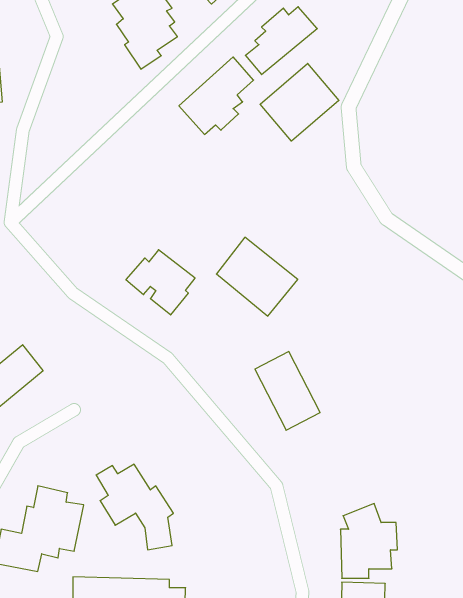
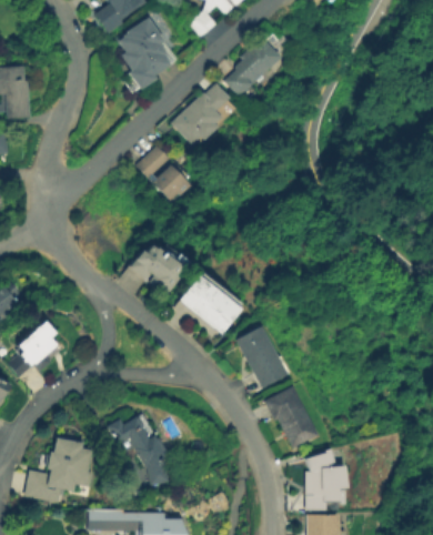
building: [260,63,339,141] -> none
building: none -> [137,145,195,205]
building: [216,237,298,316] -> [180,270,246,334]
building: none -> [262,385,319,448]

